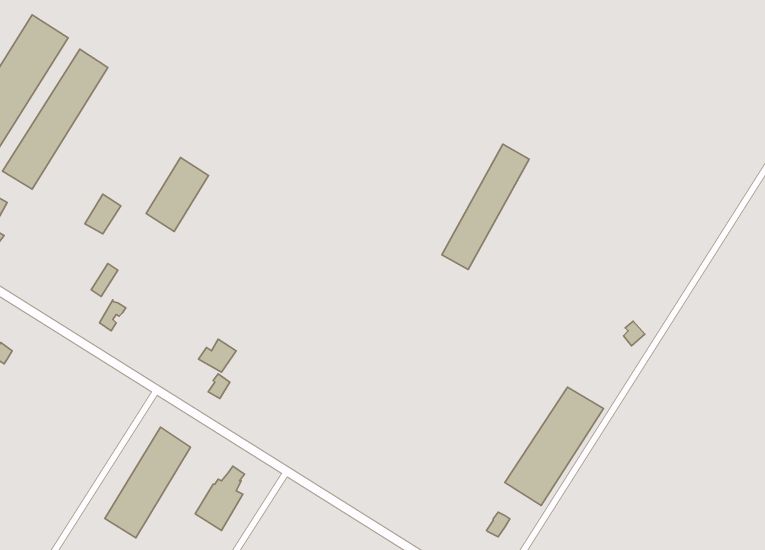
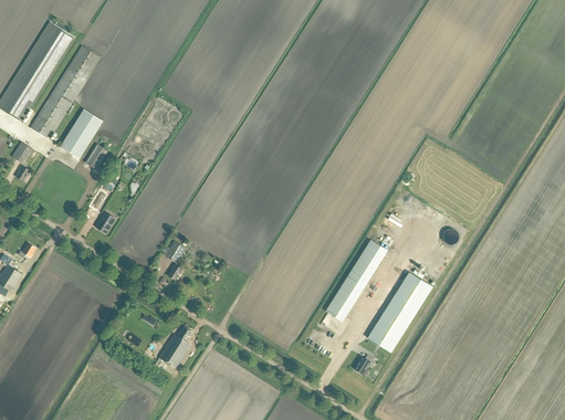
building: [442,144,529,270] -> [327,237,386,321]
building: [146,157,209,232] -> [60,108,102,158]
building: [105,427,190,538] -> none

